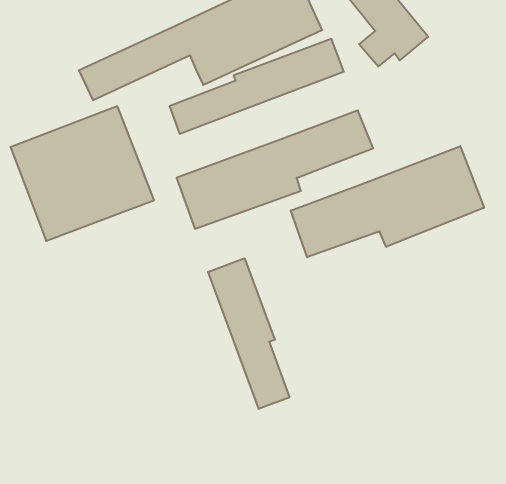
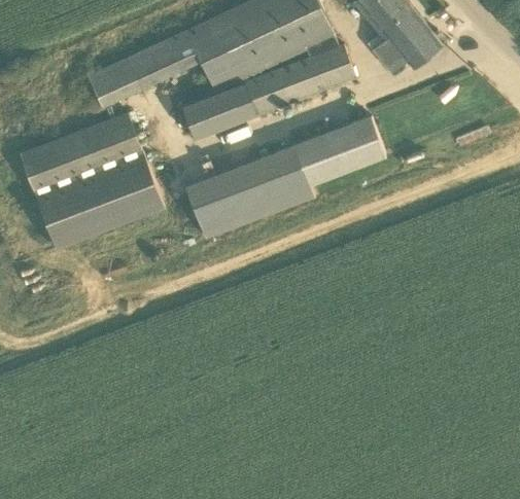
building: [291,146,484,257] -> none
building: [208,258,289,409] -> none

